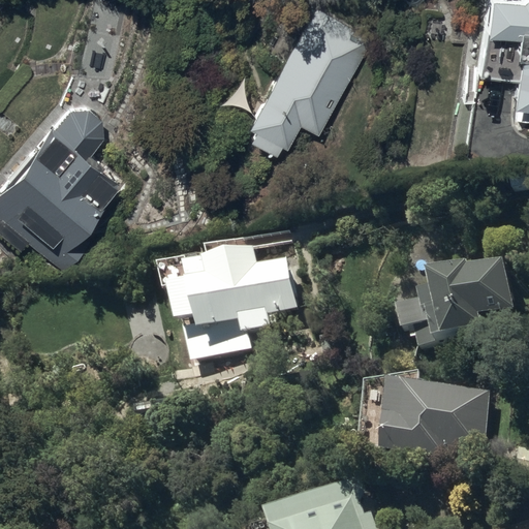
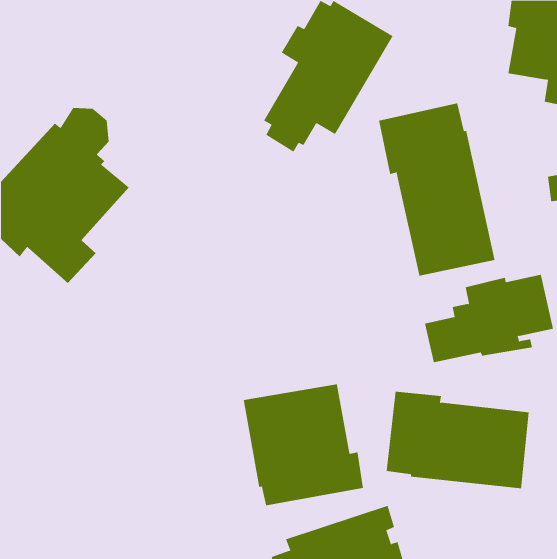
building: none -> [378,102,495,276]
building: [166,250,305,362] -> none
building: none -> [243,383,364,506]

